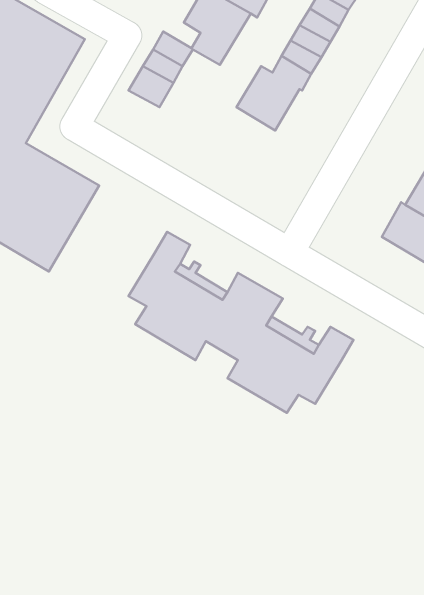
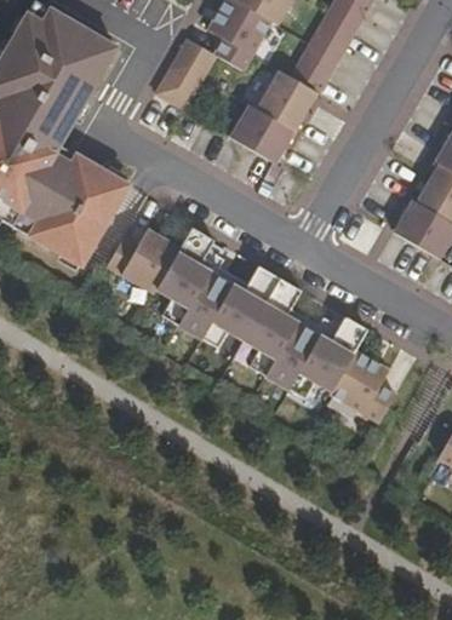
building: none -> [231,104,294,162]
building: none -> [108,229,181,292]
building: none -> [331,349,396,421]

